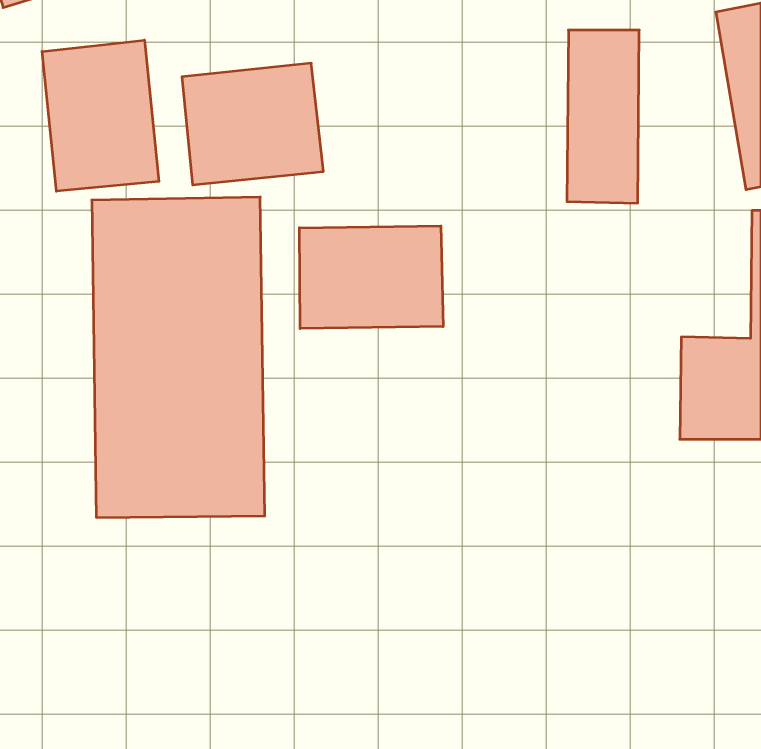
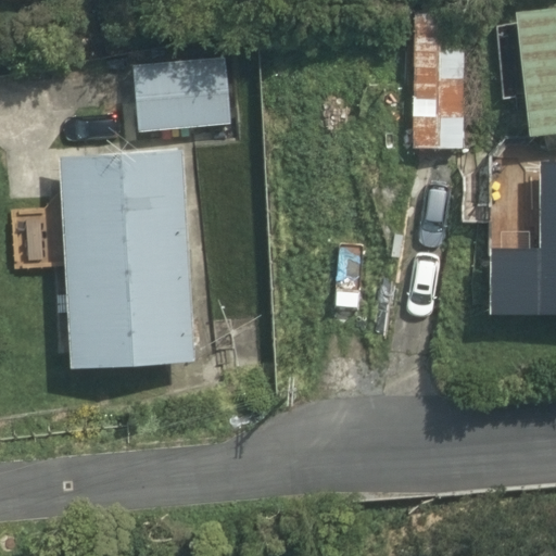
building: [42,40,159,191] -> none
building: [299,226,443,329] -> none

